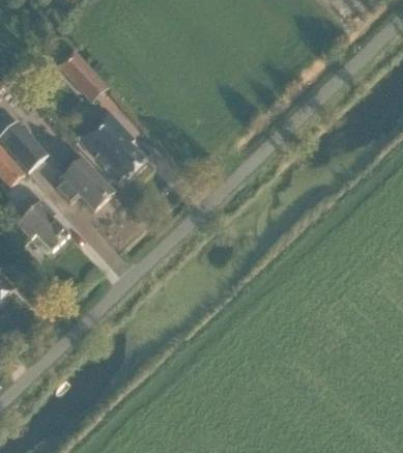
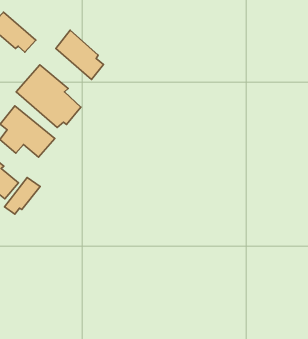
building: none -> [56,30,104,79]
building: none -> [4,177,40,214]

